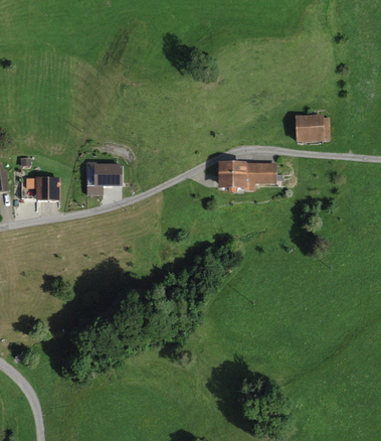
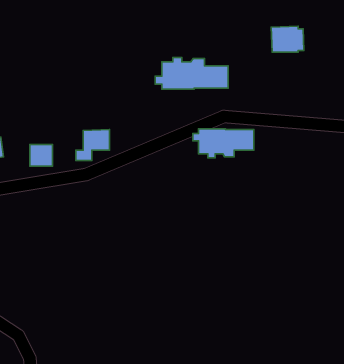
building: none -> [155,58,228,89]
building: [295,114,330,142] -> [271,26,304,52]

